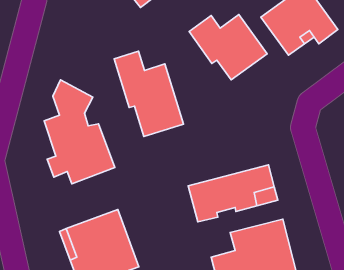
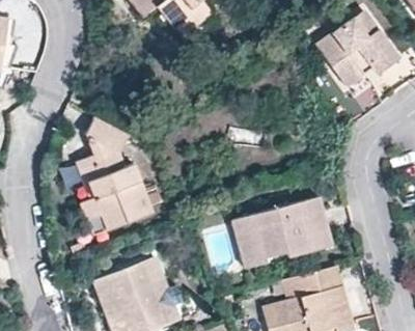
building: [189,14,267,80] -> none
building: [114,51,184,136] -> none

